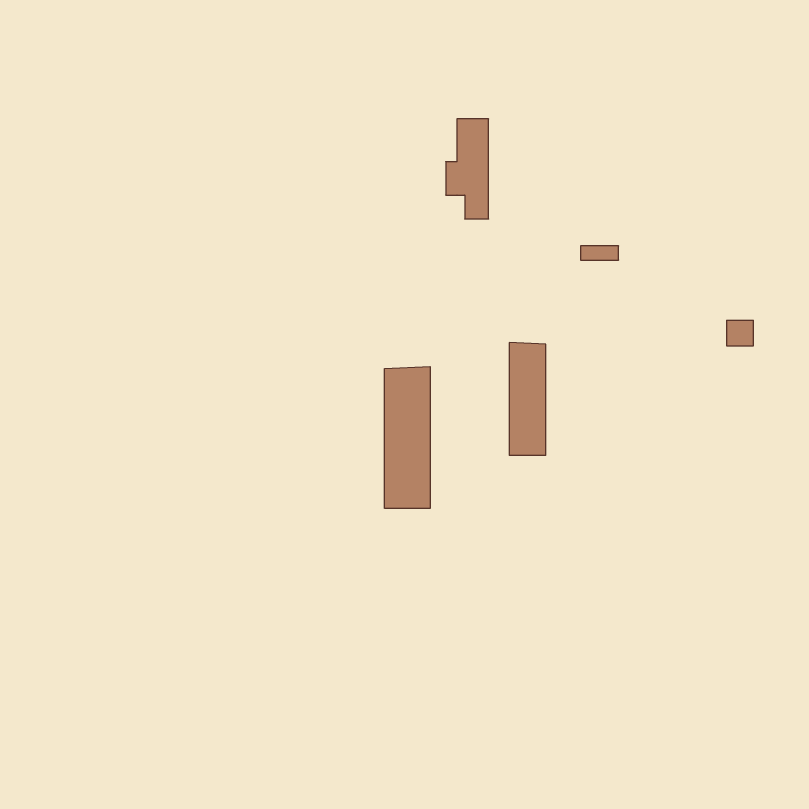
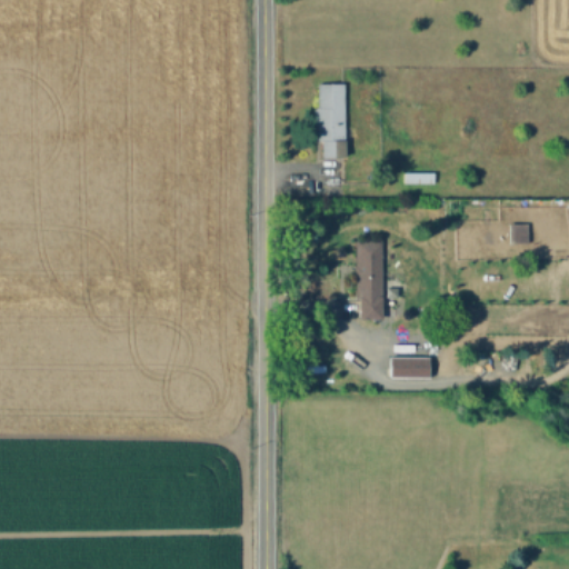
building: [385,367,430,508] -> none
building: none -> [391,358,430,378]

